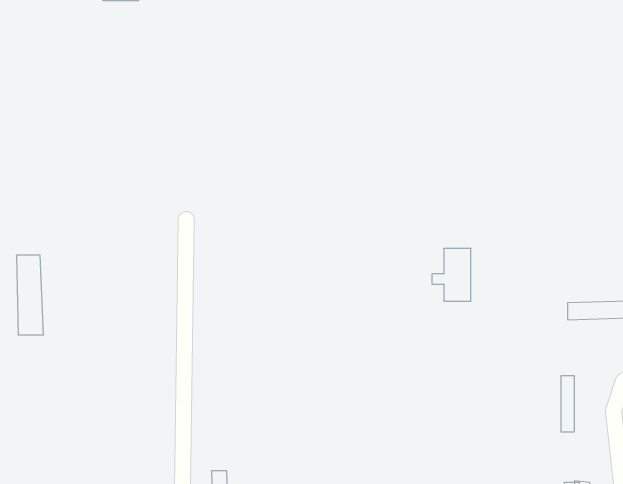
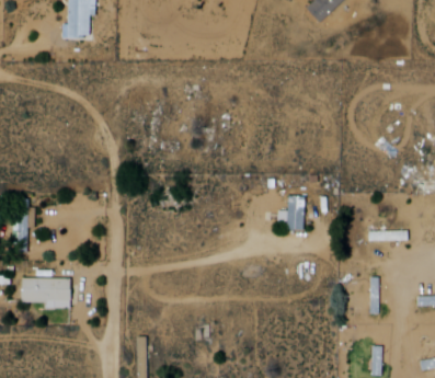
building: none -> [21,278,69,309]

